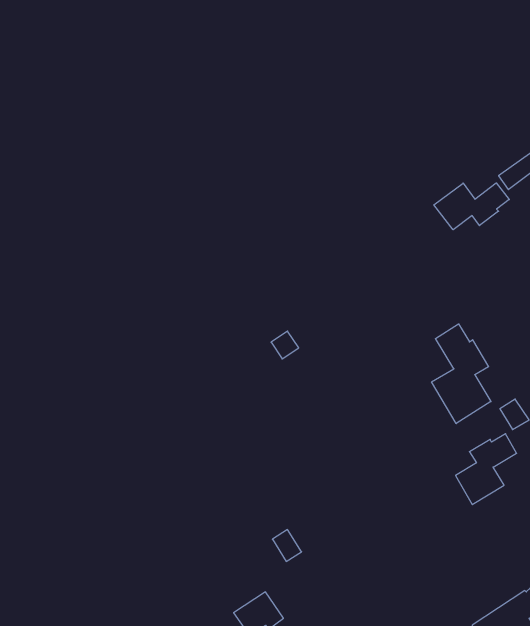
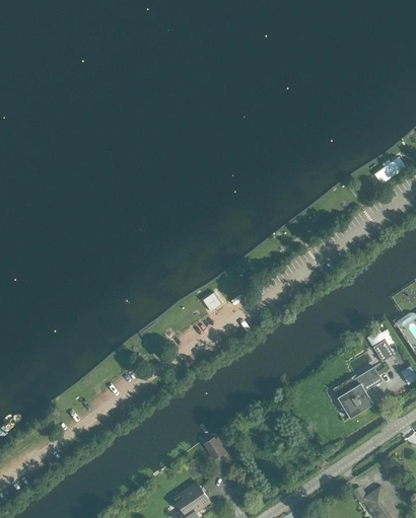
building: [434,183,509,230] -> none
building: [432,324,491,424] -> none

